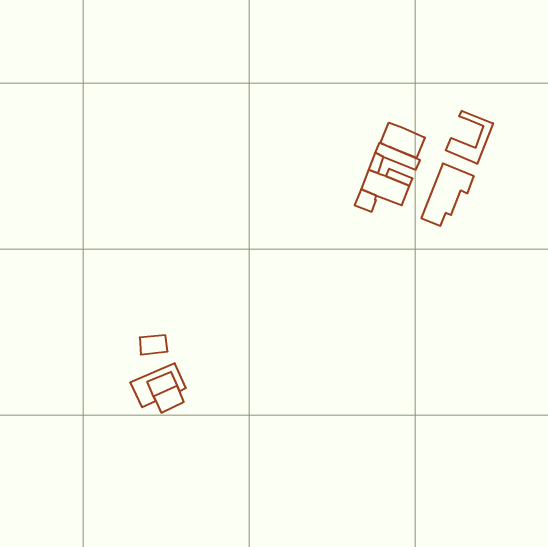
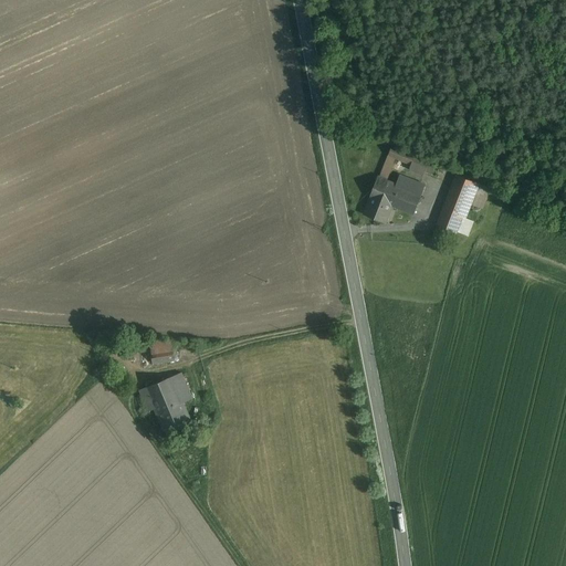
building: [446,111,493,164] -> none
building: [380,123,425,158] -> none
building: none -> [153,382,184,408]

